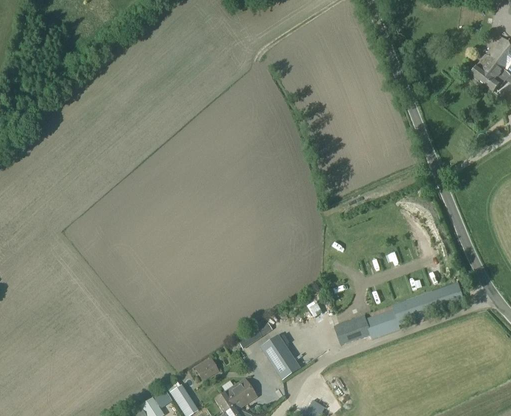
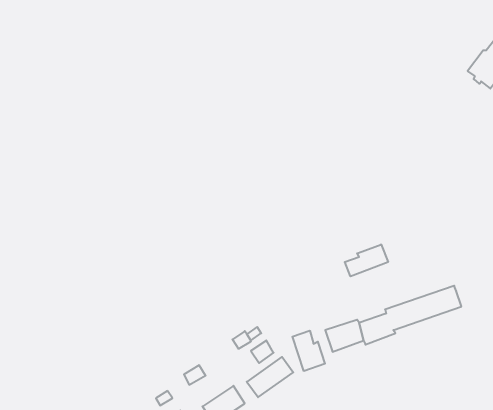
building: none -> [345,244,388,276]
building: none -> [292,331,325,371]

